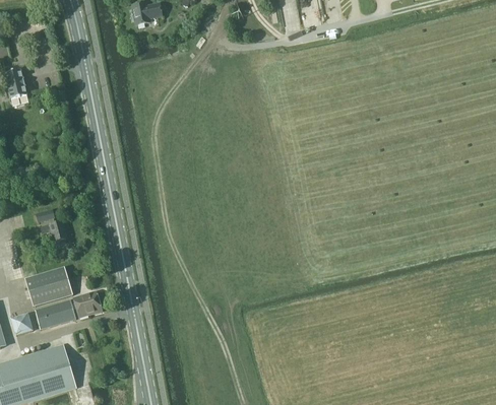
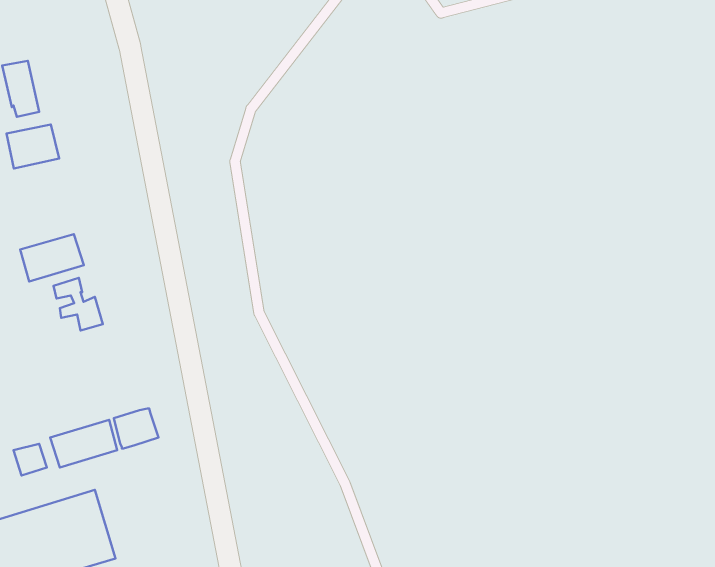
building: none -> [7,124,59,169]
building: none -> [20,234,84,281]
building: [25,267,73,306] -> none

